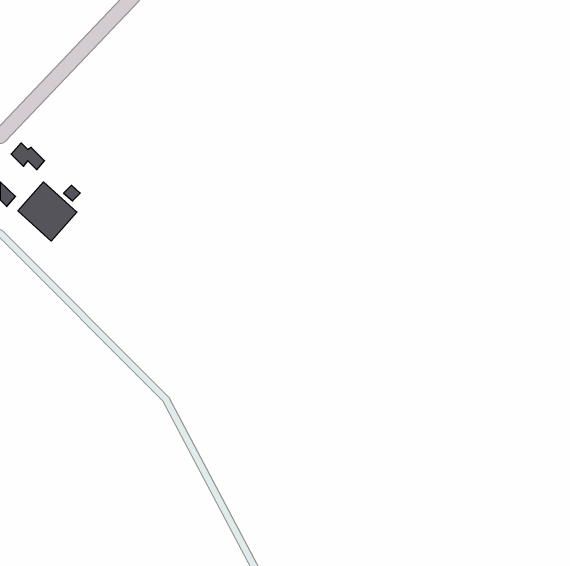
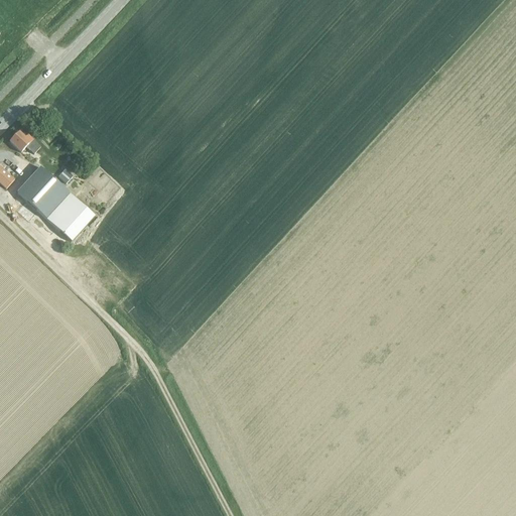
building: none -> [46,191,94,240]

